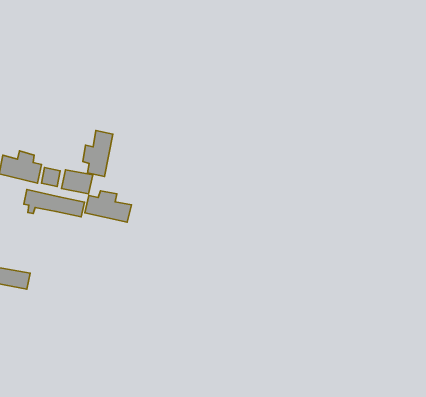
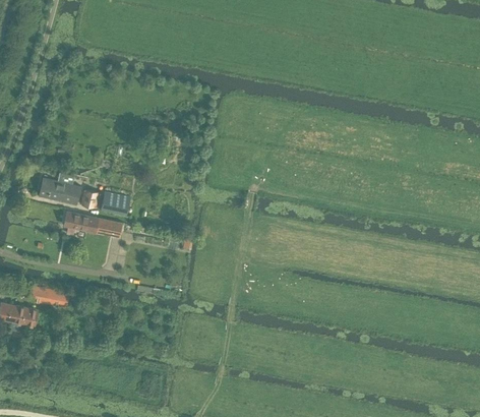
building: [83,130,113,176] -> none
building: [85,191,132,222] -> none

